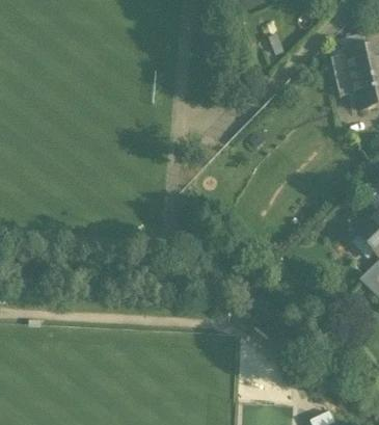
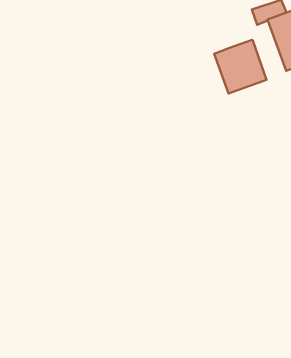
building: none -> [214,40,267,94]

